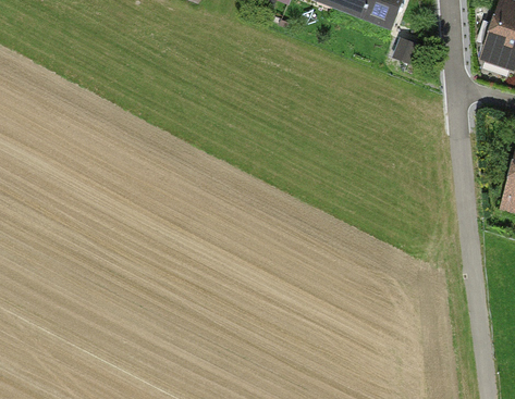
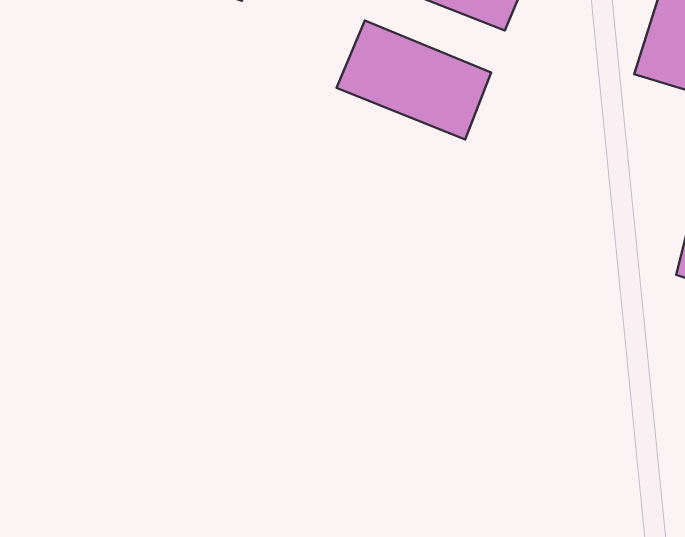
building: none -> [337,21,491,140]

